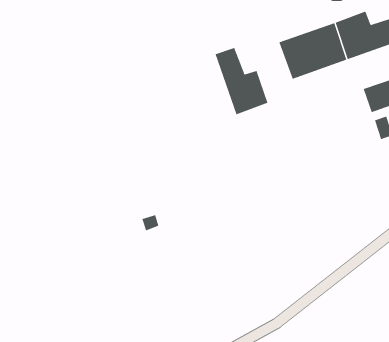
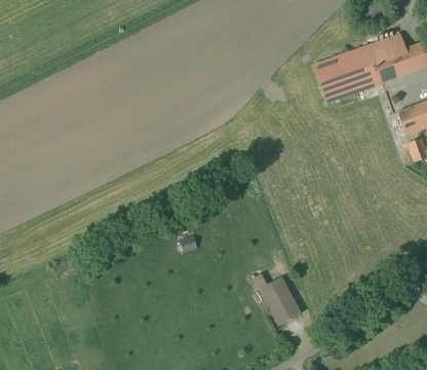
building: [215,47,268,115] -> none
building: none -> [259,276,301,326]

